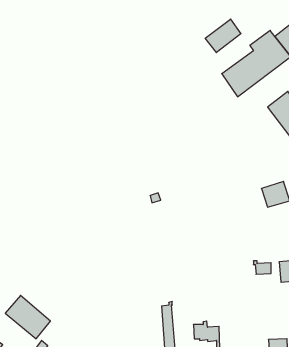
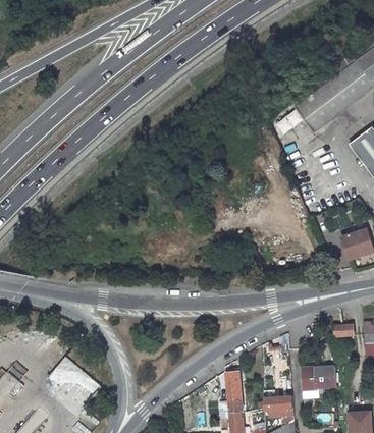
building: [205,19,241,53] -> none
building: none -> [301,365,336,396]

